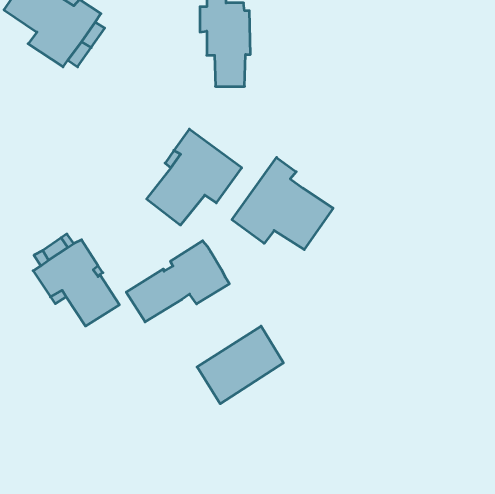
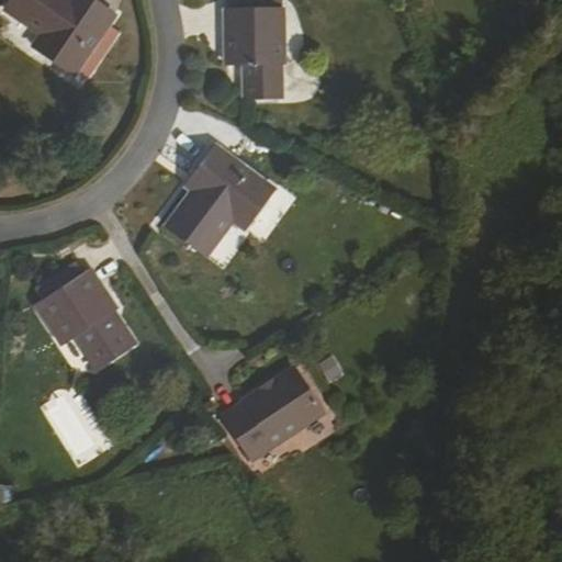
building: [232,157,333,250] -> none
building: [126,241,229,322] -> none

